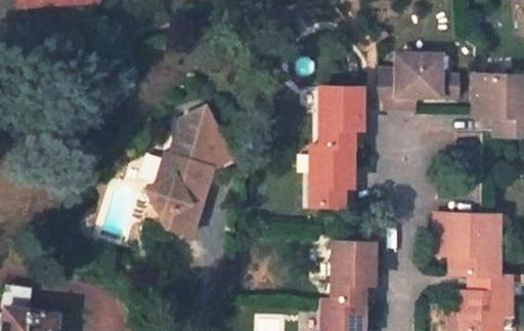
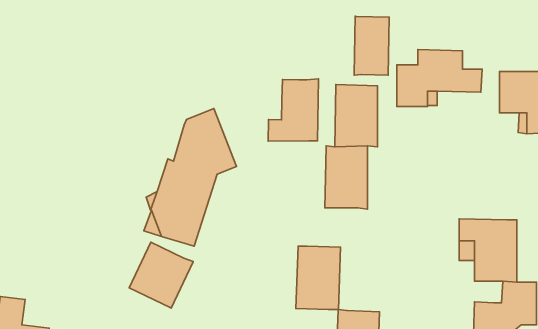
building: none -> [354,16,389,75]
building: none -> [268,79,319,141]
building: none -> [129,242,193,308]
building: [333,241,375,300] -> [296,246,341,309]

